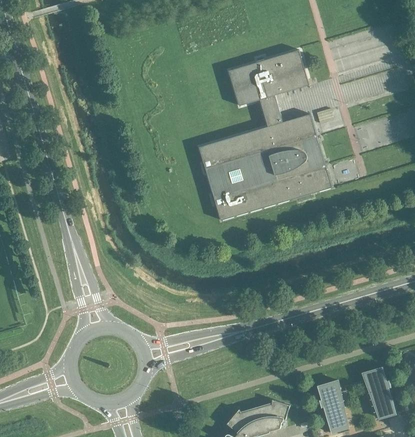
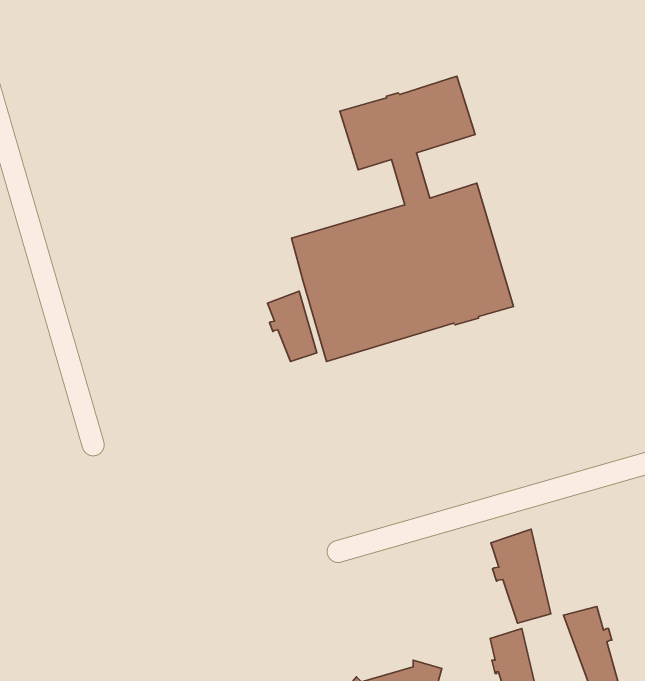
building: none -> [267,291,317,362]
building: none -> [491,529,551,623]

